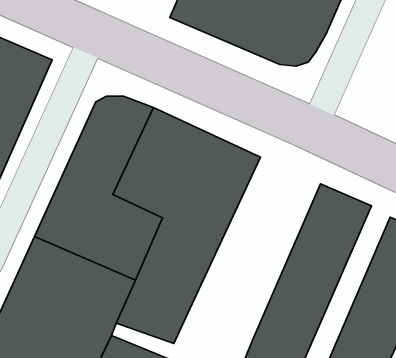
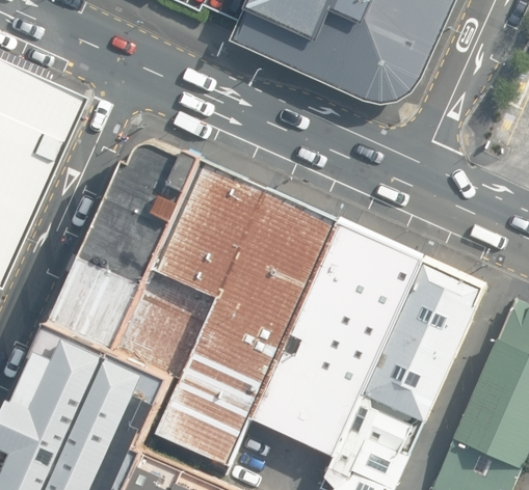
building: none -> [253,222,420,453]

